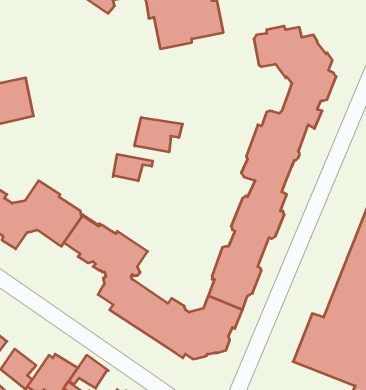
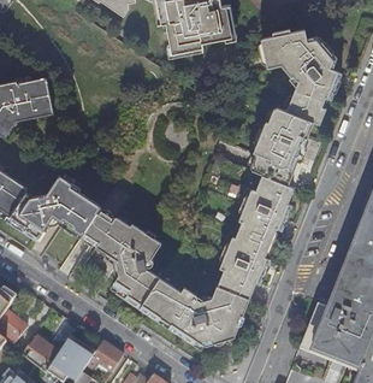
building: [135,117,183,152] -> none
building: [113,154,153,181] -> none

